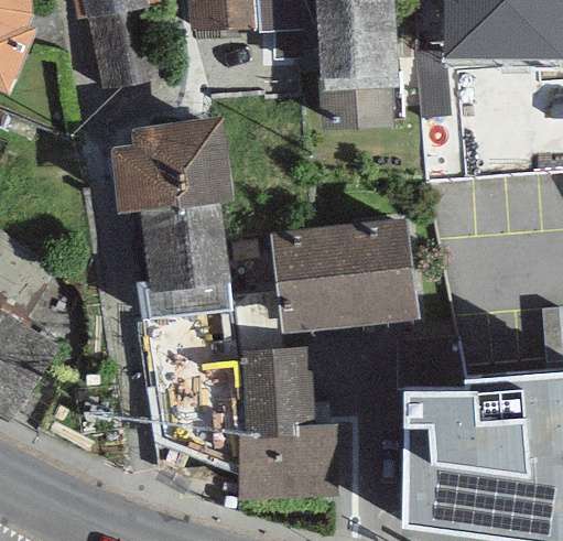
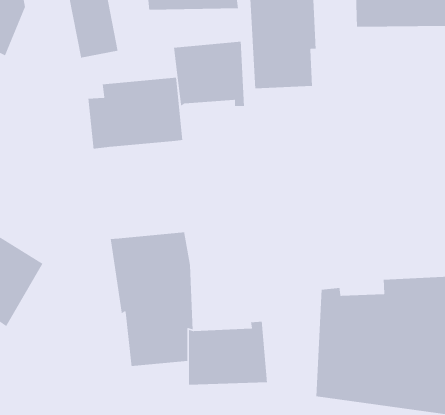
building: none -> [173,41,245,107]
building: [136,195,234,316] -> none
building: [271,216,419,328] -> none
building: [241,345,316,431] -> none

